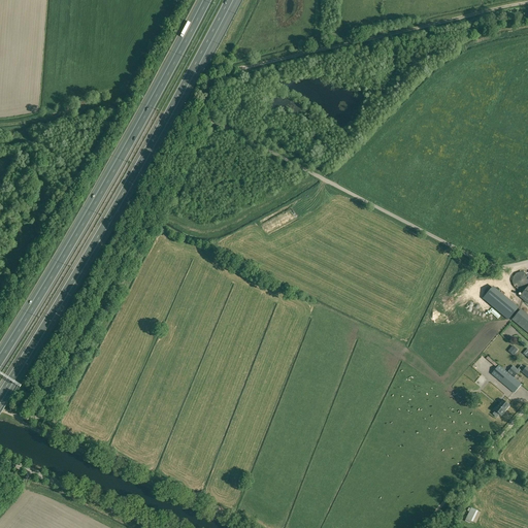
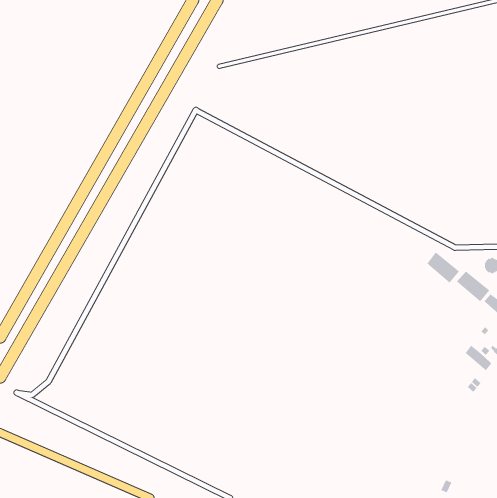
building: none -> [427,252,460,284]

